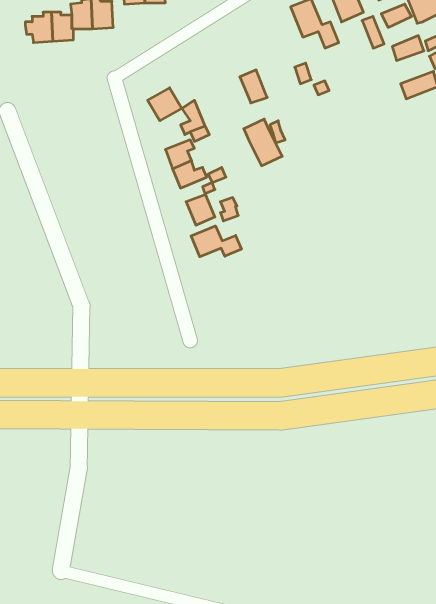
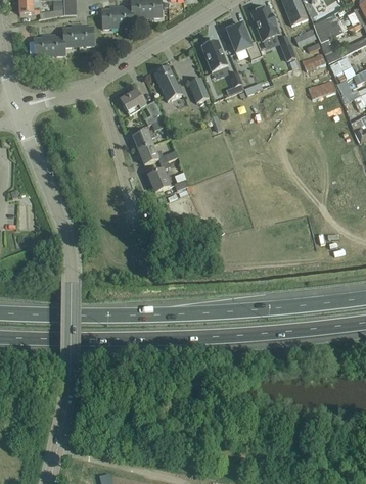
building: none -> [200,38,227,70]
building: [244,119,282,166] -> [153,64,182,99]
building: [191,226,241,257] -> none

